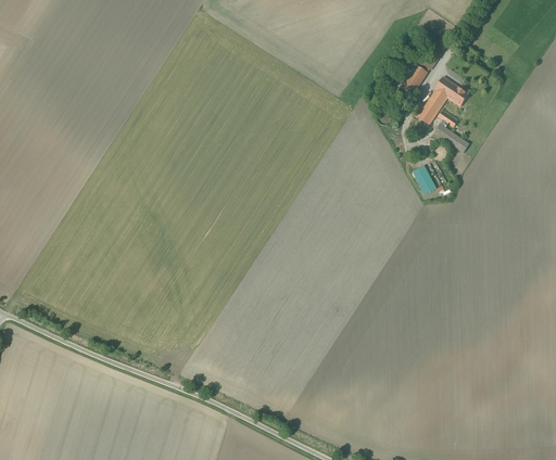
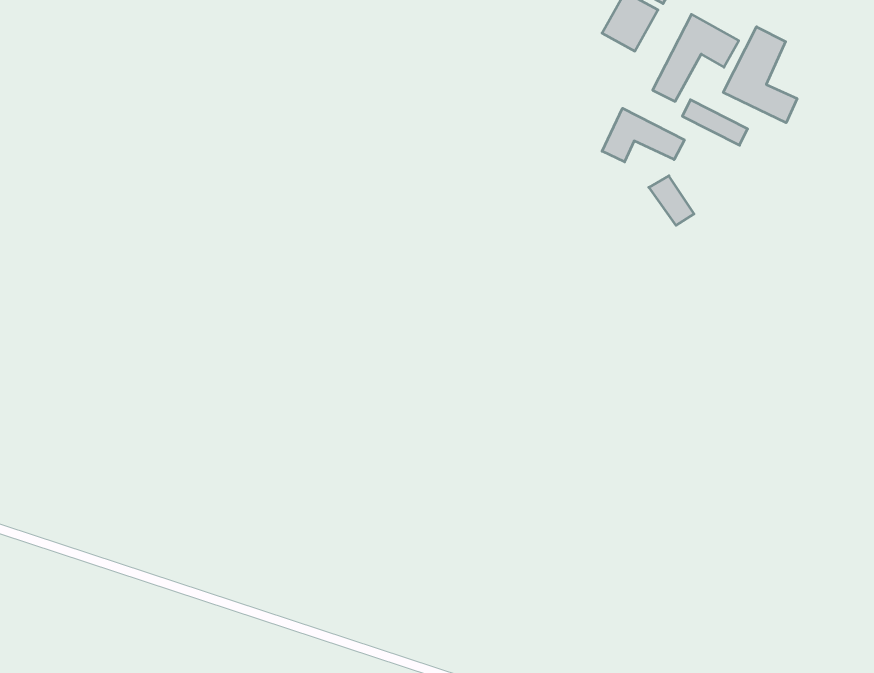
building: none -> [723,27,797,123]
building: none -> [602,108,684,162]

